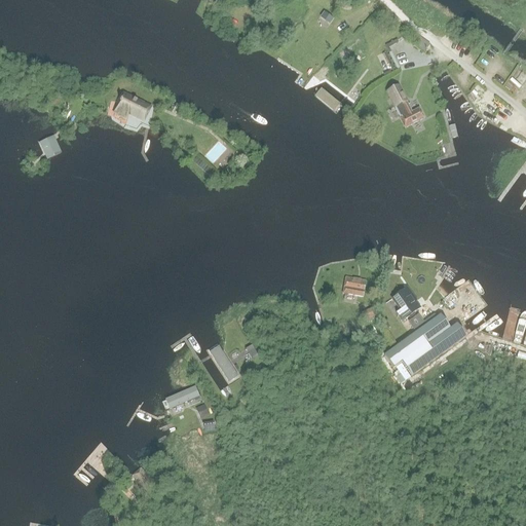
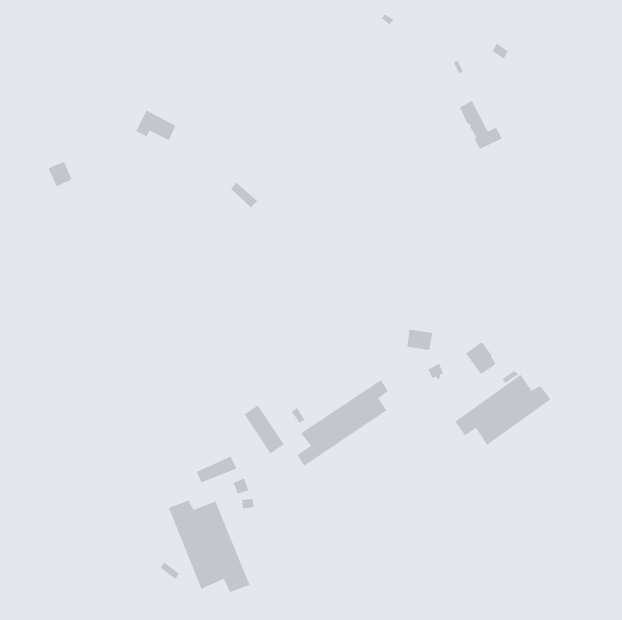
building: none -> [296,379,389,467]
building: none -> [168,500,251,593]

